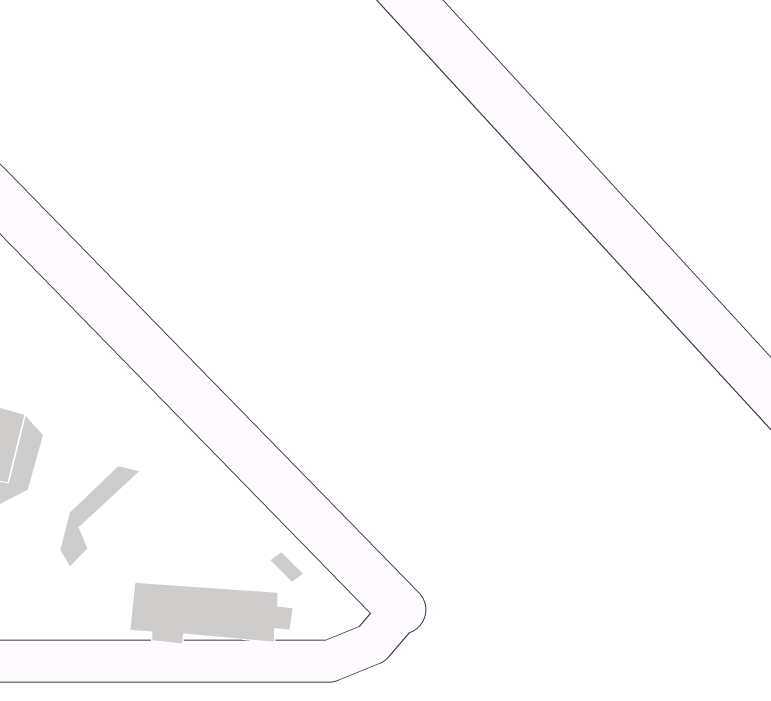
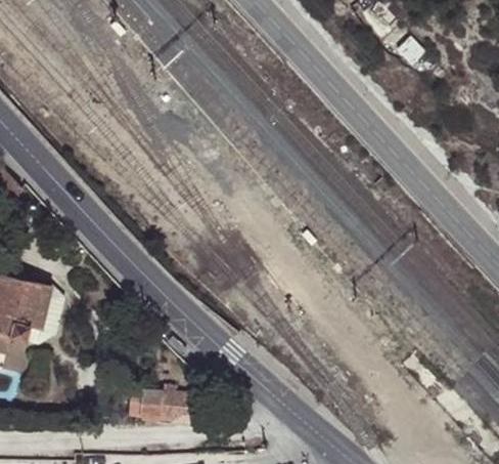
building: [60,465,140,567] -> none

